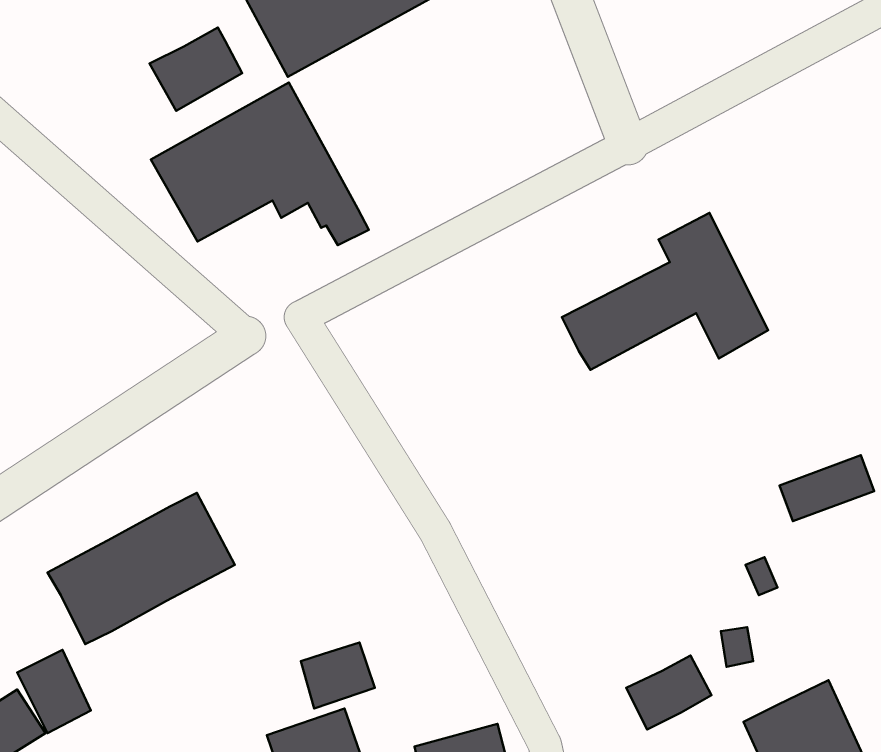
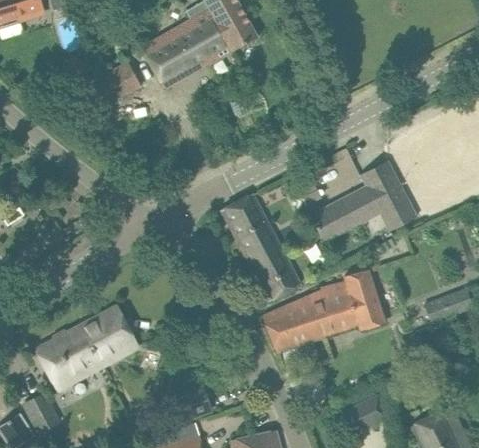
building: [151,82,369,245] -> none
building: none -> [220,193,300,301]
building: none -> [264,270,385,352]

